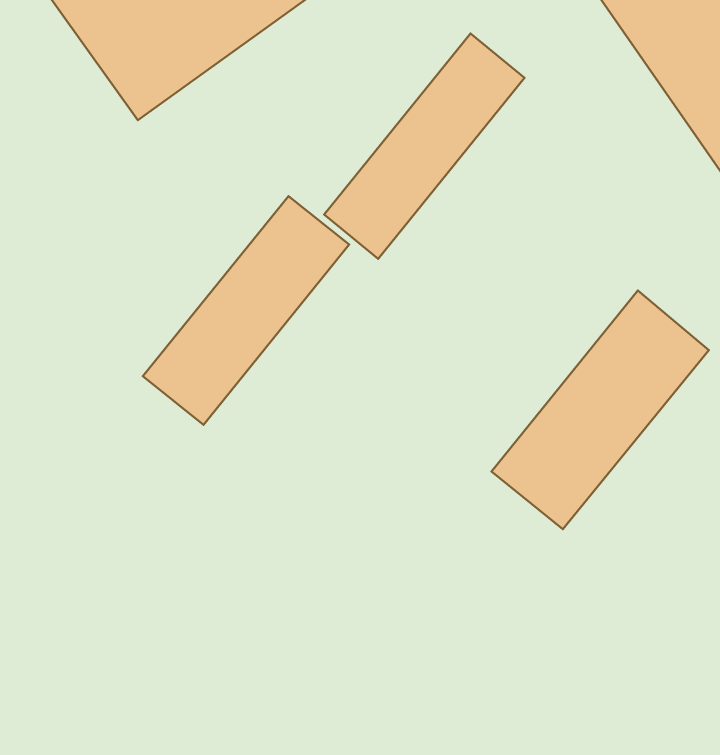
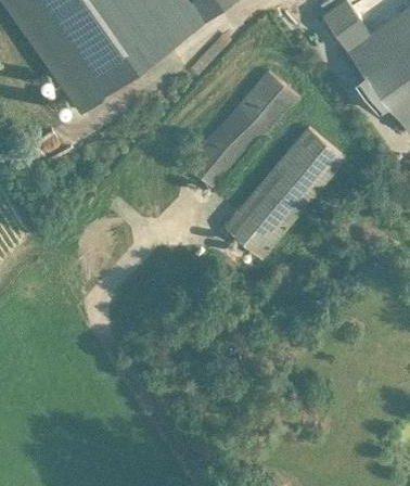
building: [143,196,349,425] -> none
building: [492,291,709,529] -> [223,124,346,258]

